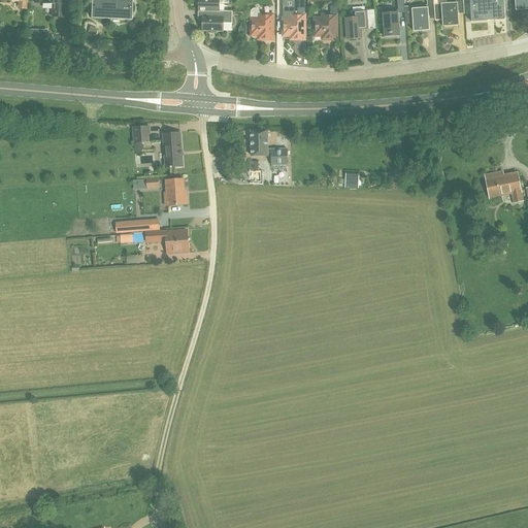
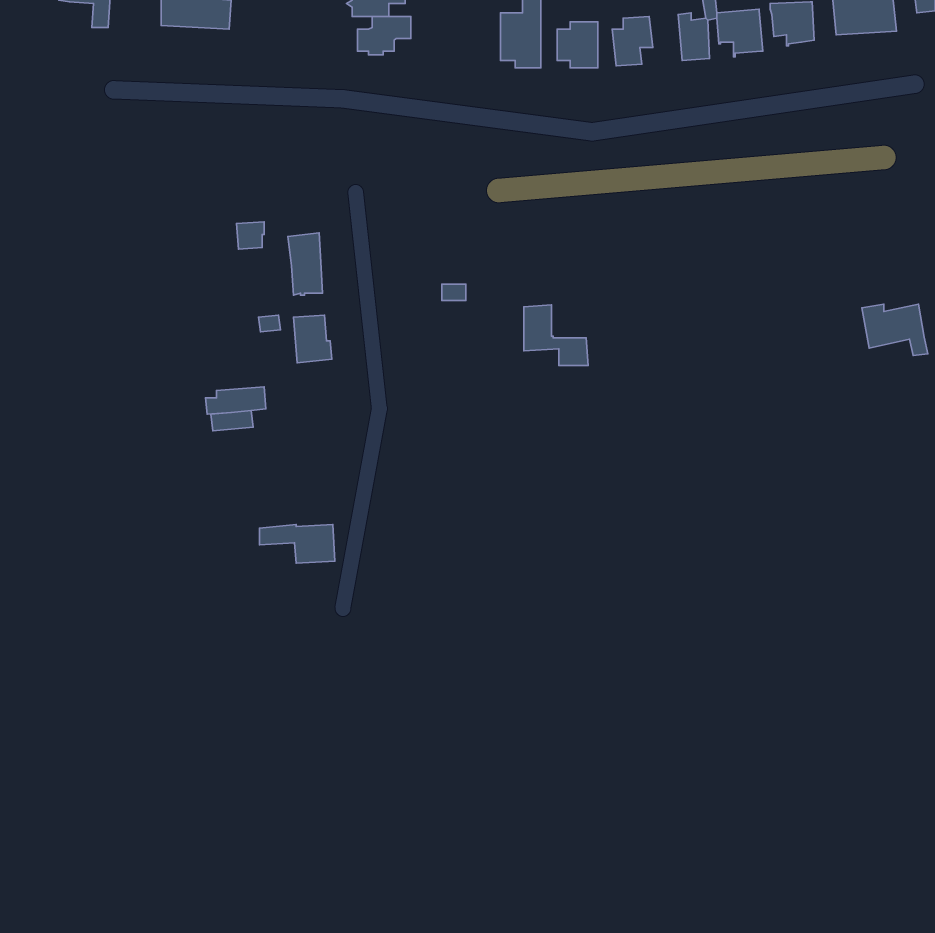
building: [250,7,272,38] -> none
building: [251,129,287,163] -> [524,305,588,365]
building: [145,229,188,251] -> [260,525,335,563]

